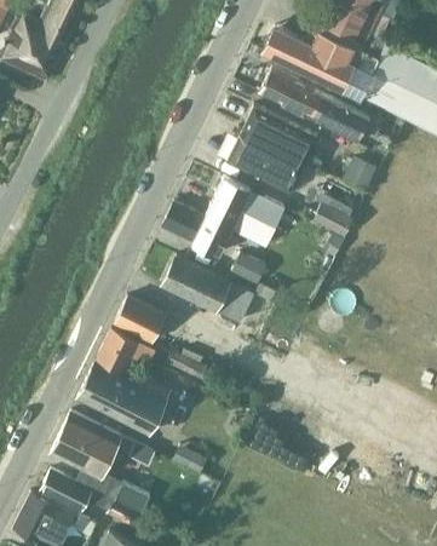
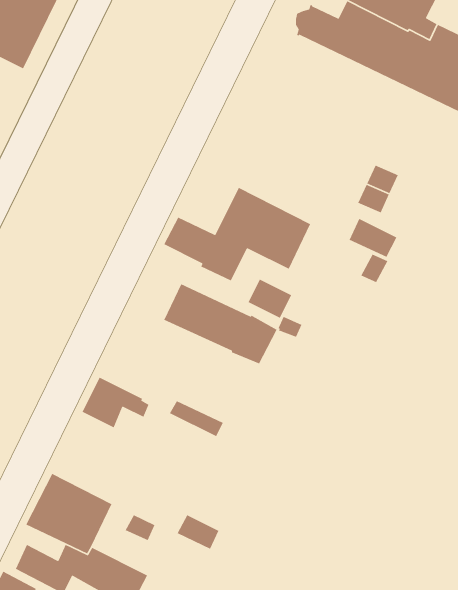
building: [249,69,380,154] -> none
building: [226,105,318,194] -> none
building: [116,297,167,343] -> none
building: [75,366,171,438] -> none

